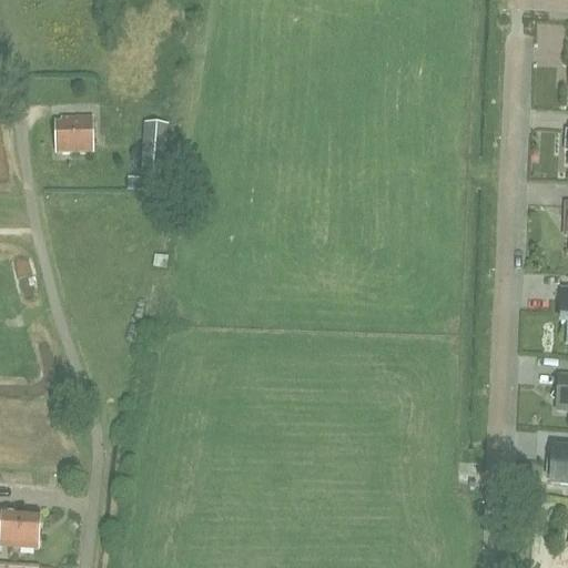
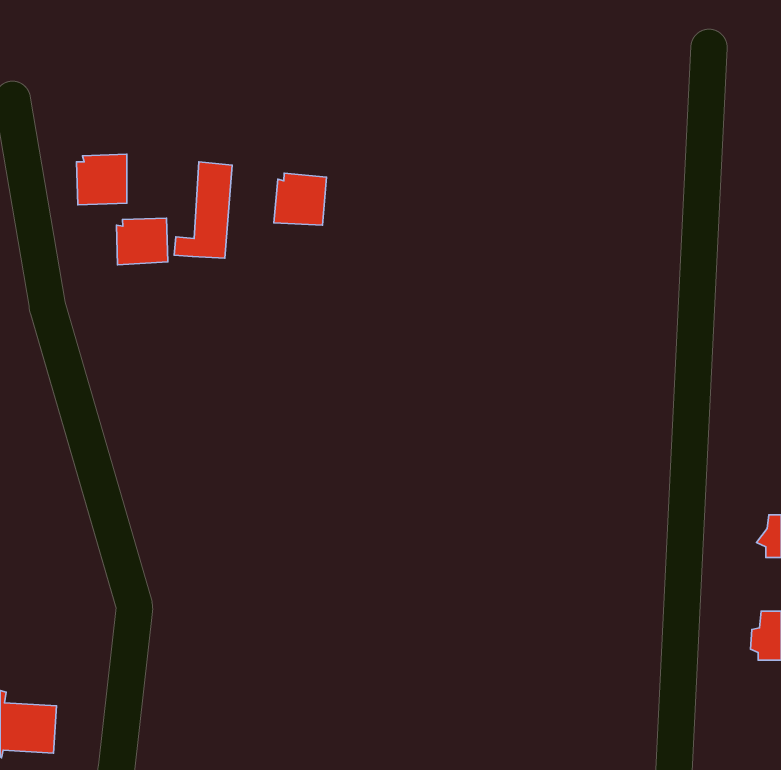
building: none -> [274,173,327,225]
building: none -> [116,218,168,265]

